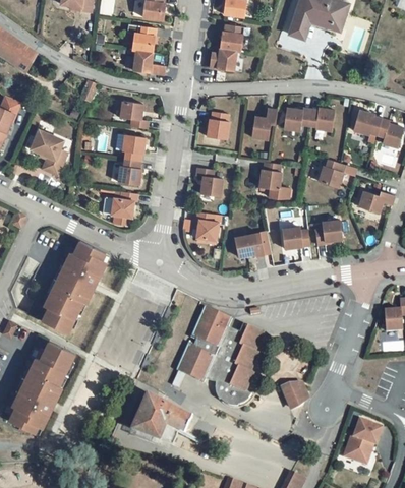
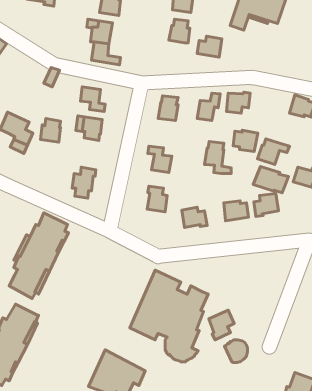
building: [210,49,237,72] -> [197,36,222,57]
building: [308,107,336,130] -> [233,130,258,151]
building: [119,158,141,184] -> [40,118,61,142]
building: none -> [253,166,288,193]
building: none -> [209,310,234,340]

